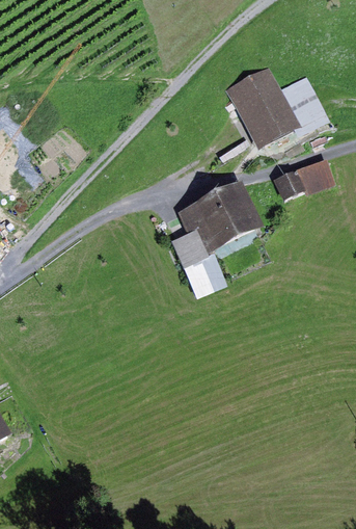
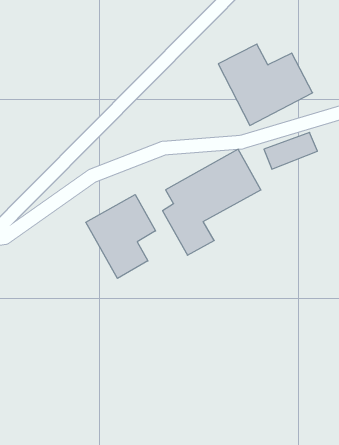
building: none -> [86,195,156,278]

